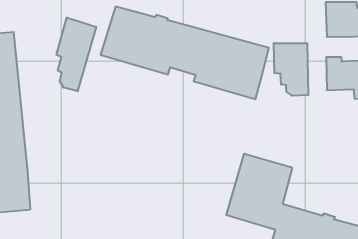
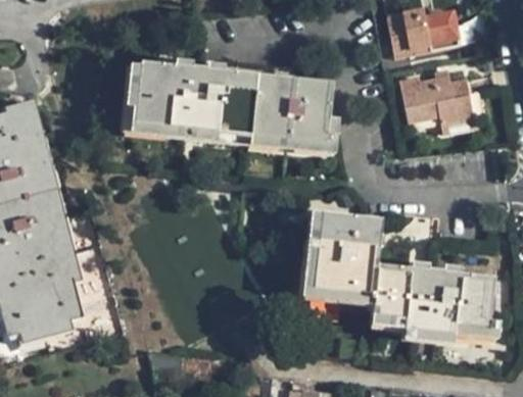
building: [56,17,96,91] -> none
building: [274,43,308,96] -> none

